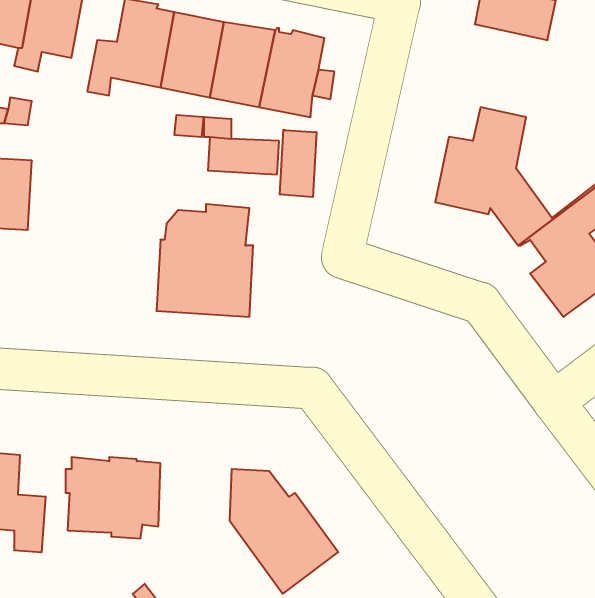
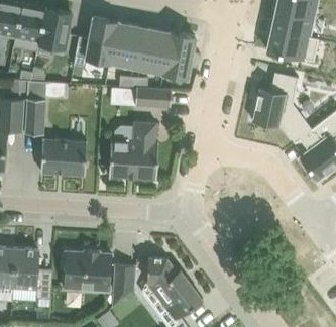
building: none -> [266,30,318,62]
building: [280,130,316,197] -> none
building: none -> [40,139,87,176]
building: none -> [113,265,135,306]

